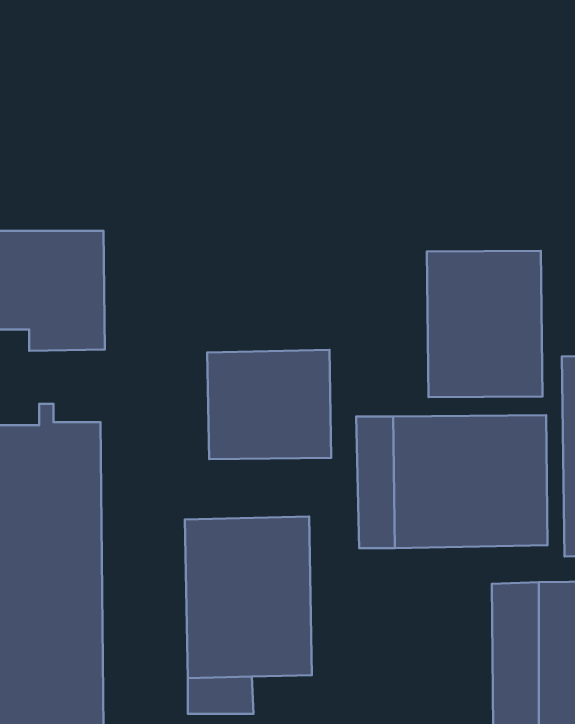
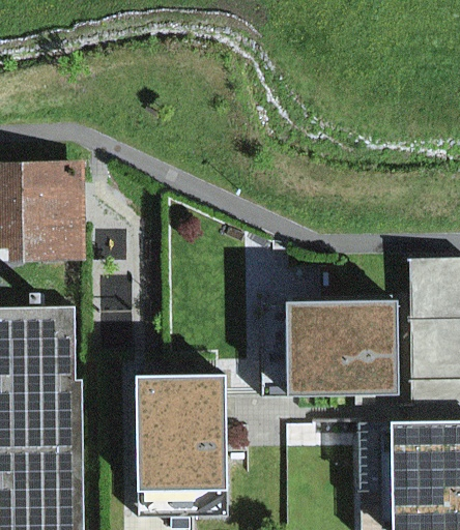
building: [427,251,542,397] -> none
building: [207,350,331,459] -> none

